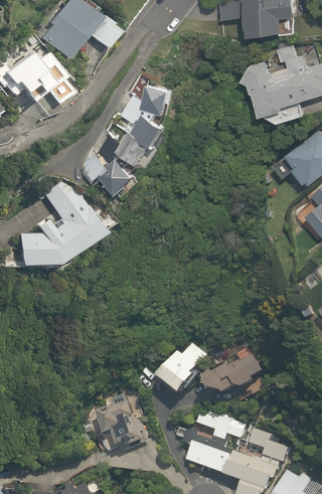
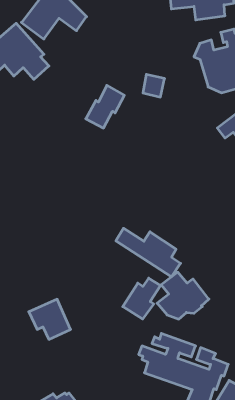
building: [141,86,167,113] -> [143,74,165,97]
building: [101,159,132,193] -> none
building: [16,183,112,265] -> none
building: none -> [116,228,181,277]
building: [95,400,145,449] -> [29,299,71,339]

